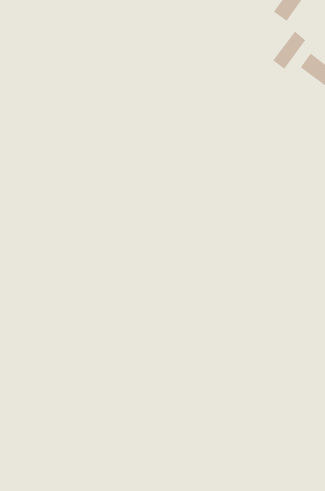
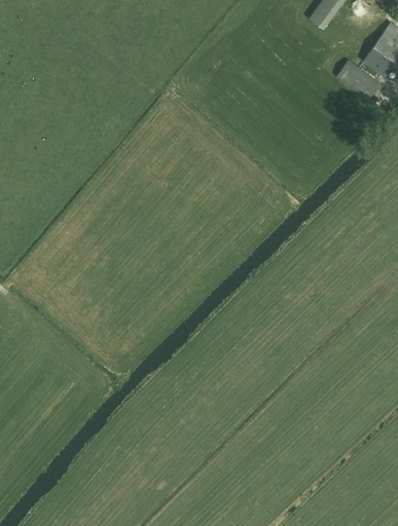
building: [272,31,306,70] -> none

